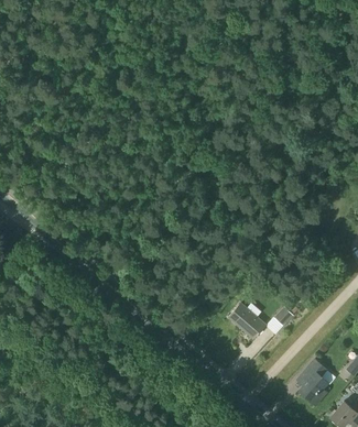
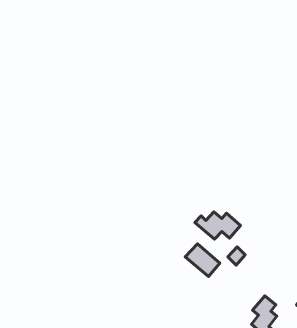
building: none -> [195,212,240,239]

